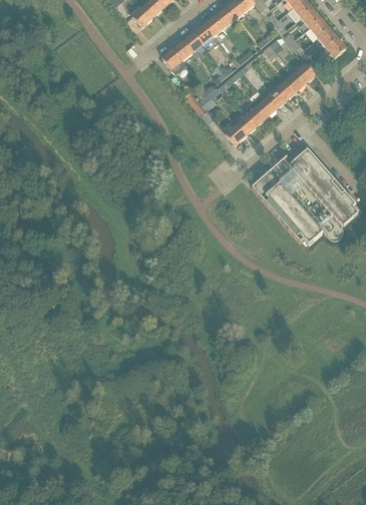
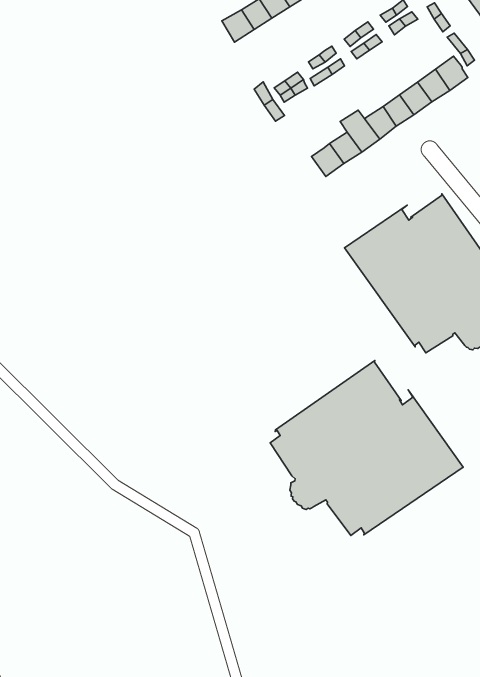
building: none -> [270,360,463,536]

